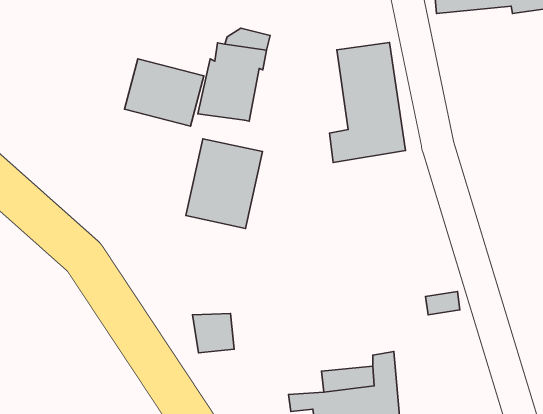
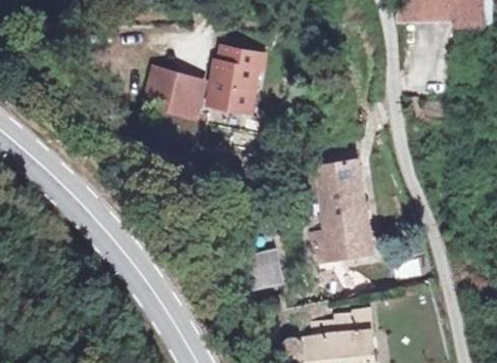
building: [330,43,406,163] -> [310,164,373,264]
building: [186,139,263,228] -> none
building: [192,314,234,353] -> [237,257,272,289]

